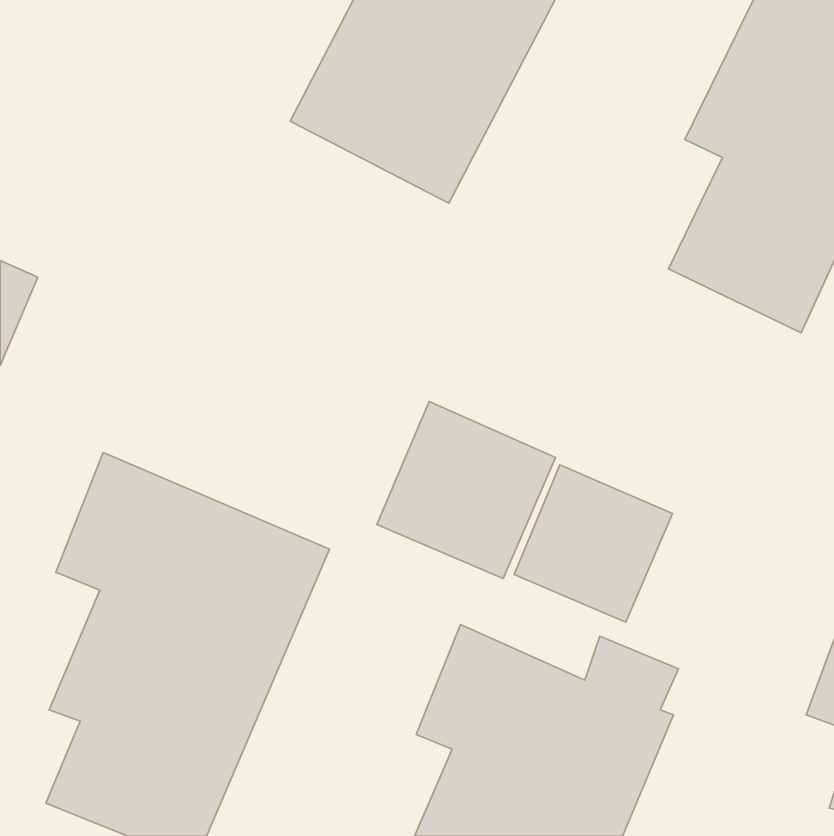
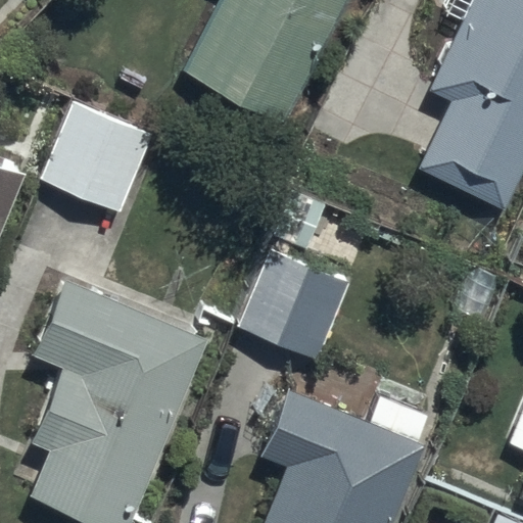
building: none -> [43,101,152,211]
building: [514,465,672,622] -> none

